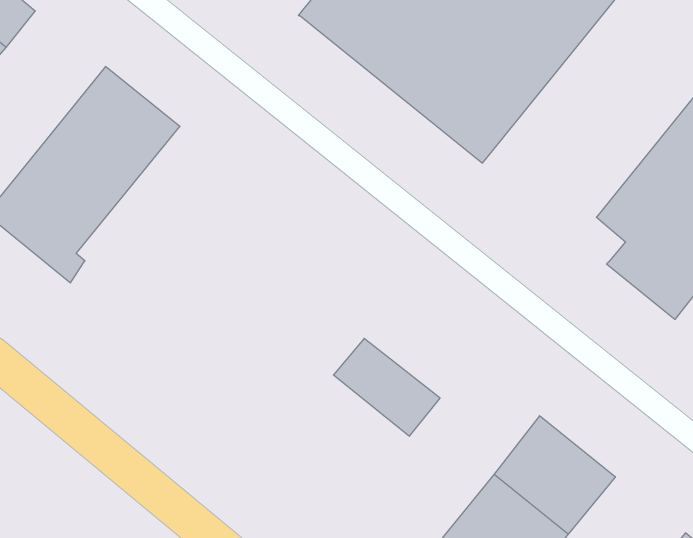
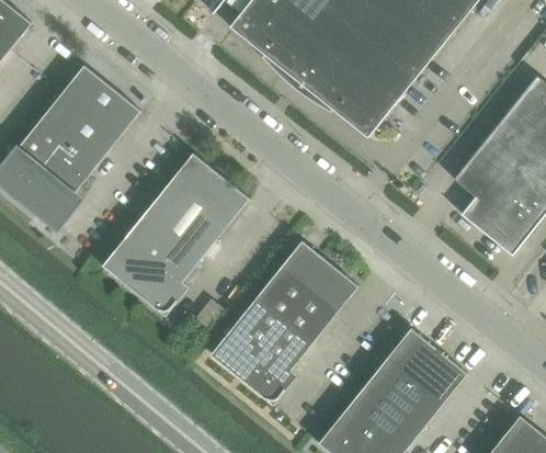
building: none -> [102,154,250,317]
building: none -> [278,241,359,315]
building: none -> [211,297,312,406]

